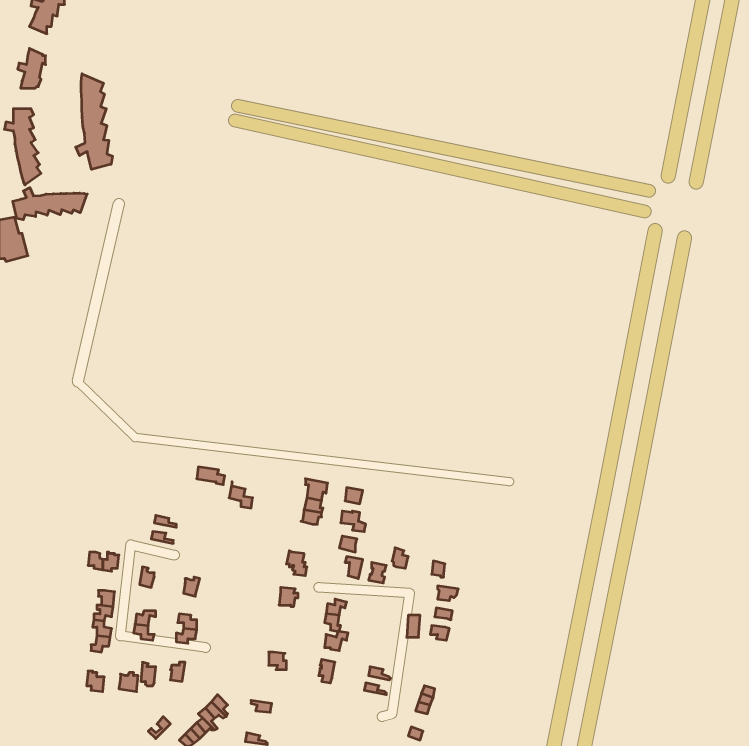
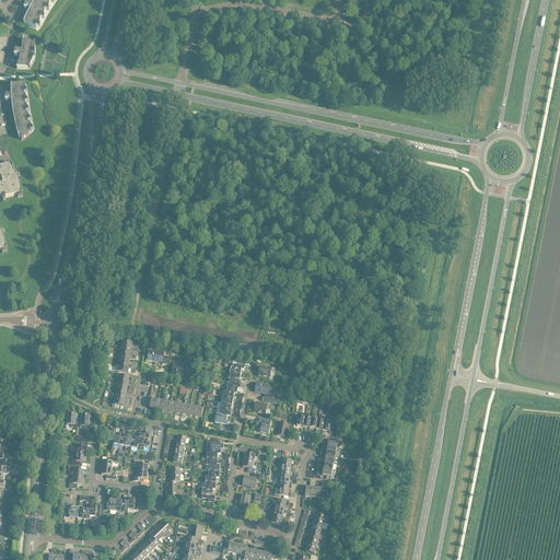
building: [76,74,113,169] -> none
building: [13,188,87,220] -> none

